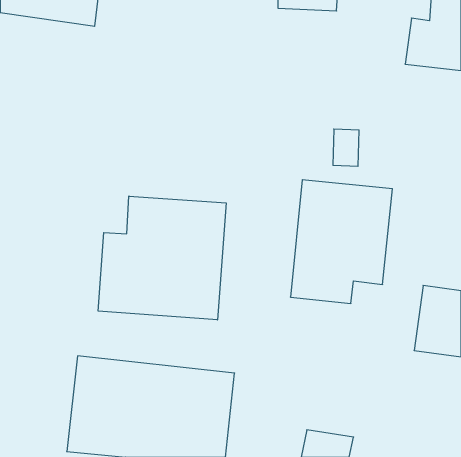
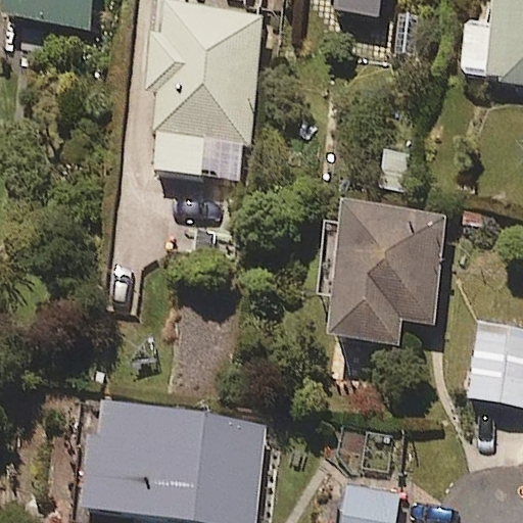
building: none -> [152,5,259,178]
building: [98,196,226,320] -> none

